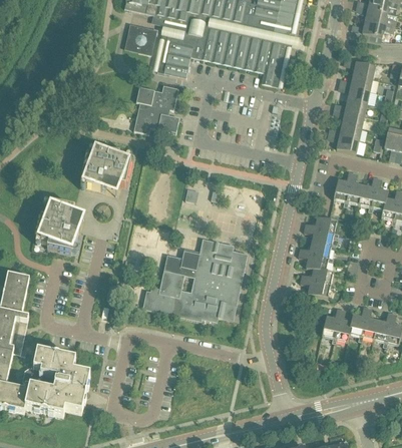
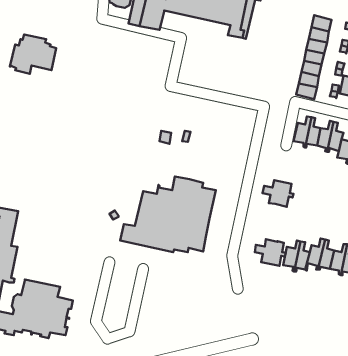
building: [132,84,178,133] -> none
building: [79,146,130,189] -> [10,34,56,74]
building: [35,201,78,252] -> none
building: [303,215,337,246] -> none
building: [300,268,334,297] -> [255,239,286,266]

